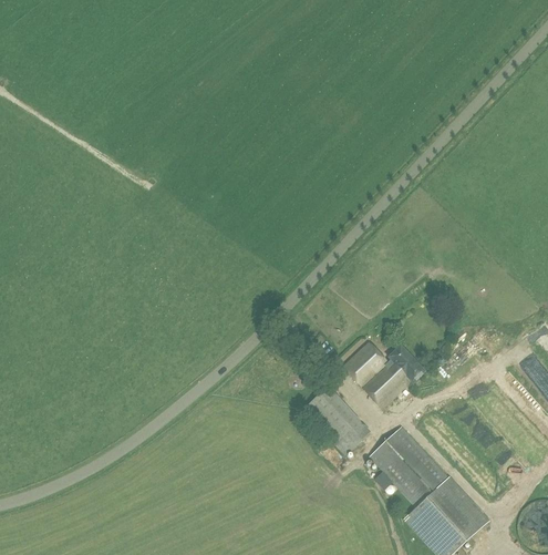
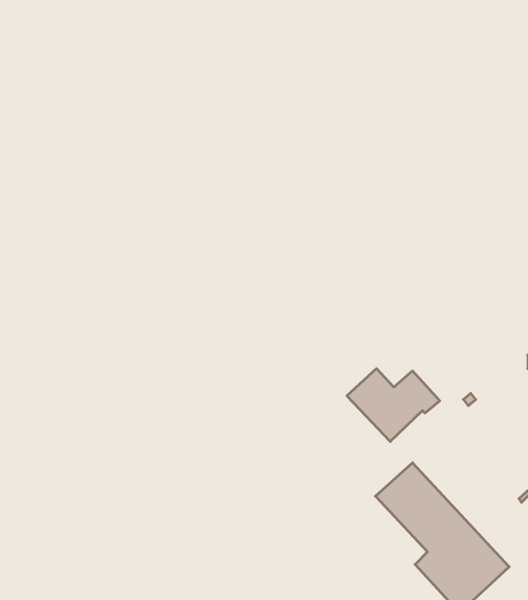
building: [302,386,370,454] -> none

